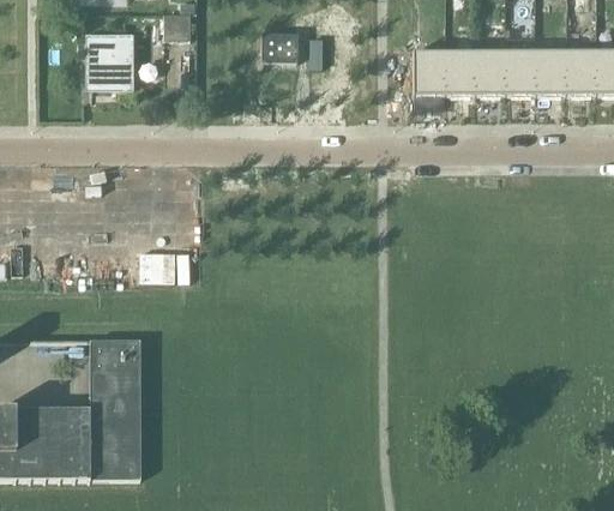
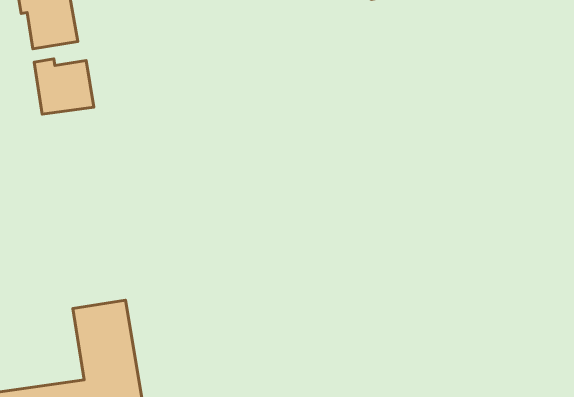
building: none -> [34,59,94,114]

